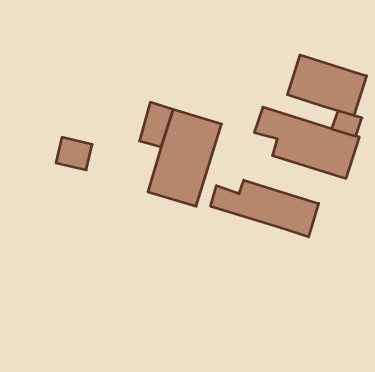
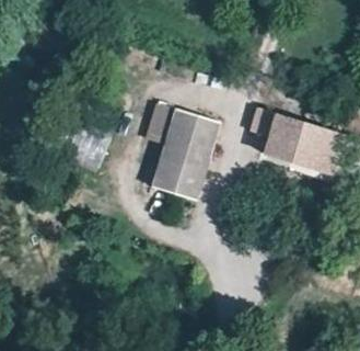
building: [287,55,367,116] -> none
building: [211,180,319,237] -> none

